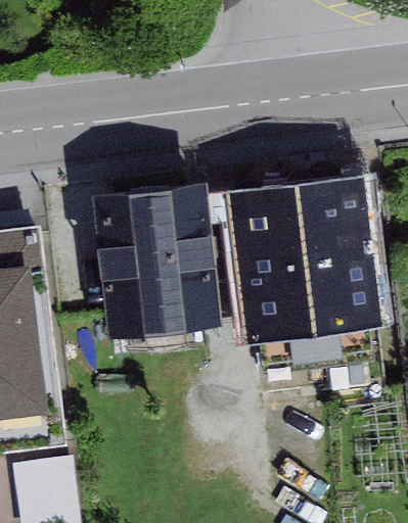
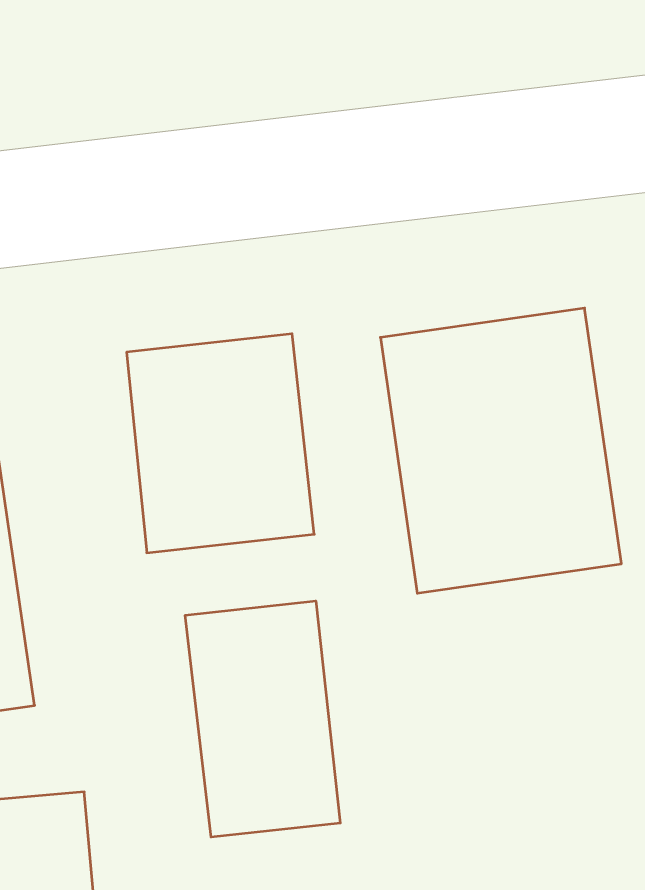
building: none -> [185,601,340,837]

